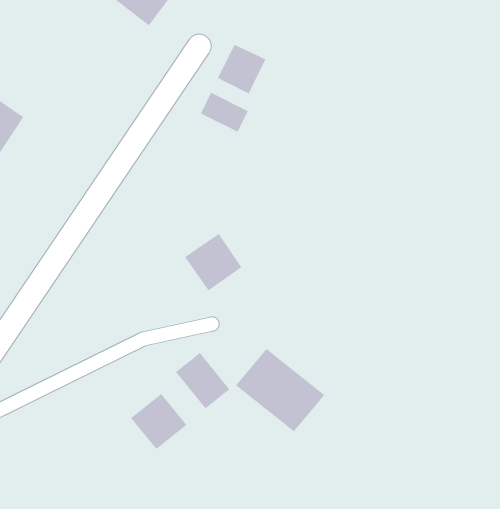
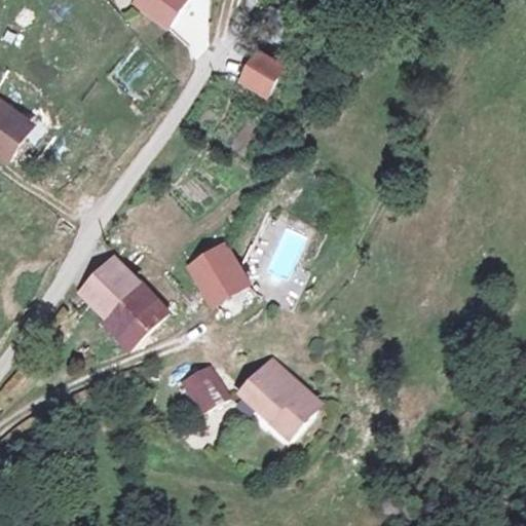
building: [200,92,248,133] -> none
building: none -> [72,254,171,353]
building: [130,393,187,450] -> none

